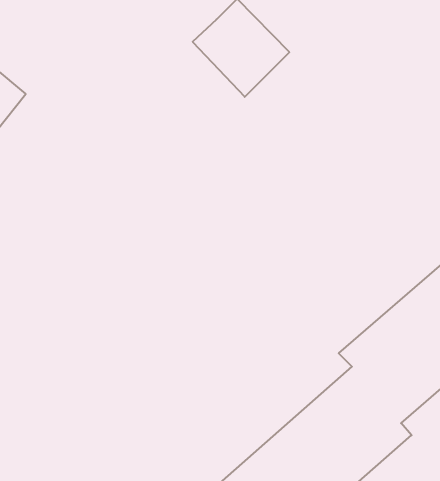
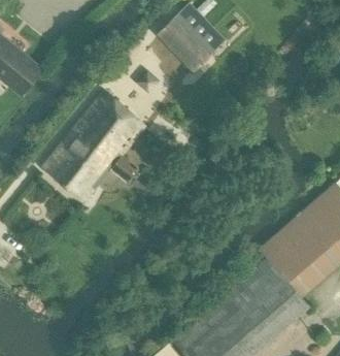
building: none -> [41,91,145,202]

